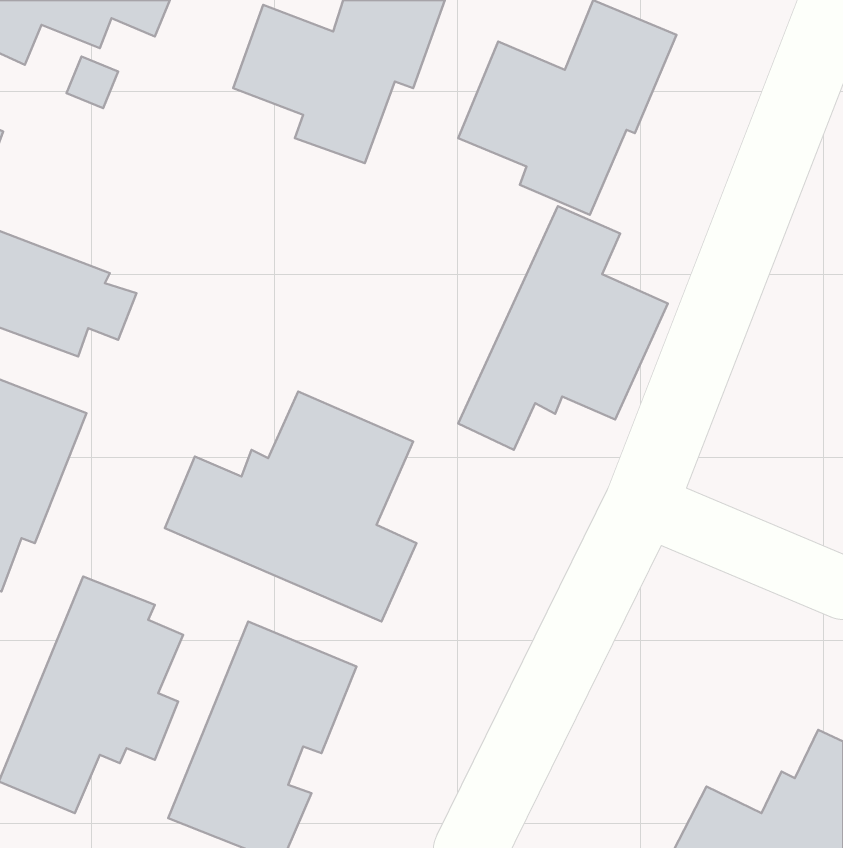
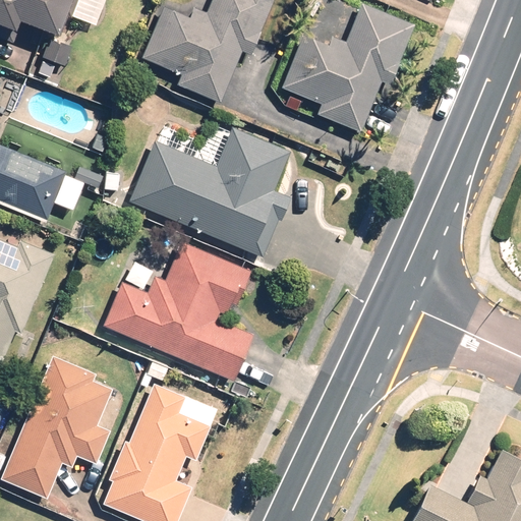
building: none -> [127,125,291,260]
building: [458,206,668,450] -> none

